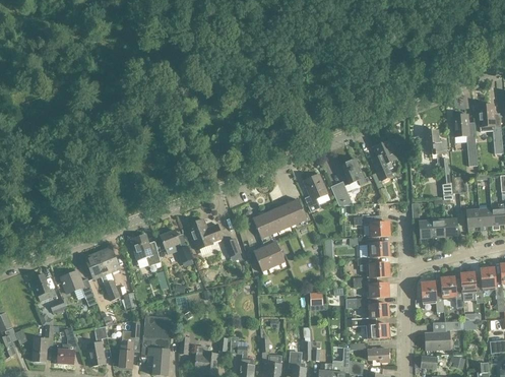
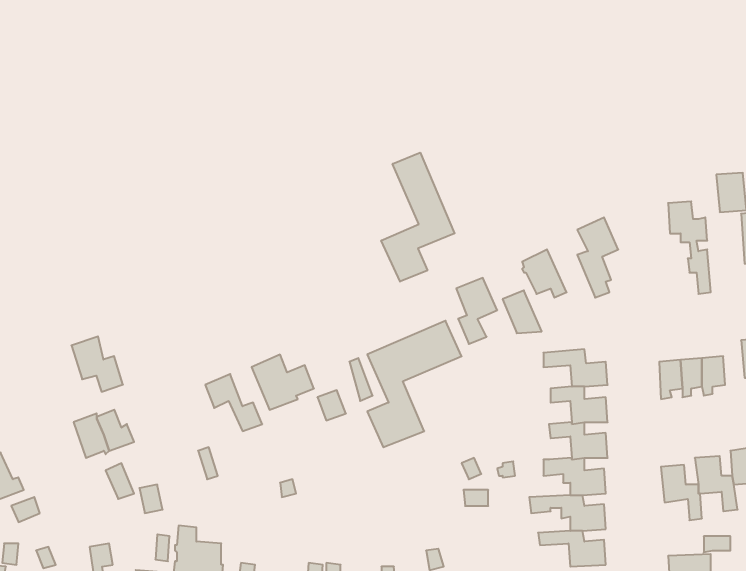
building: none -> [381,153,455,282]
building: [131,234,161,265] -> [71,336,123,392]
building: [61,269,94,298] -> none

